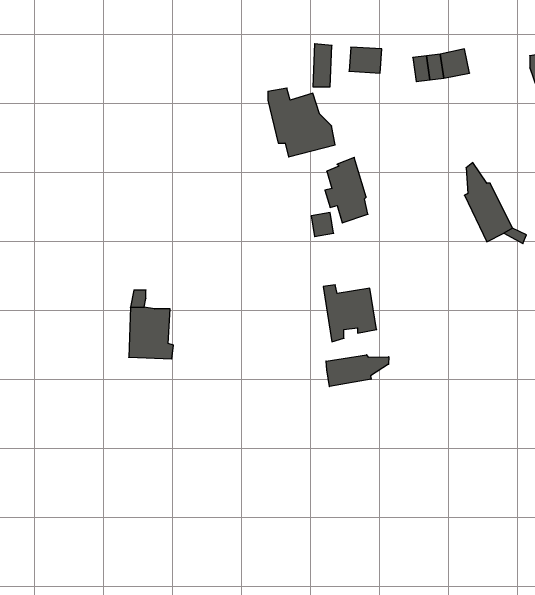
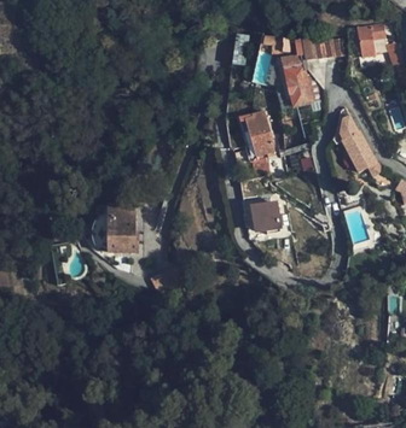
building: none -> [356,20,385,52]
building: [268,88,335,157] -> [277,58,324,106]
building: [326,355,389,387] -> none

